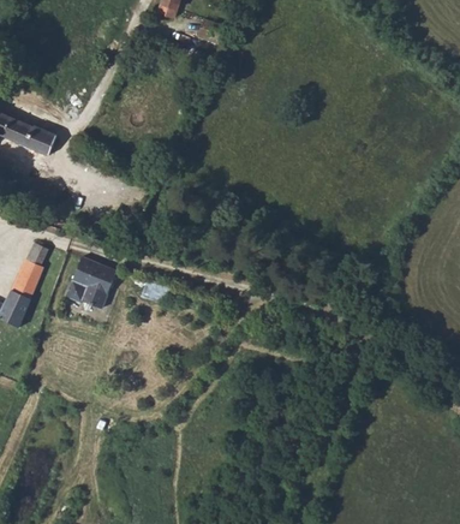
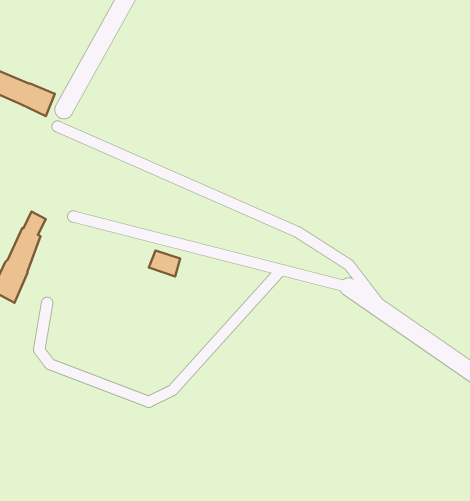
building: [68,257,115,309] -> none

